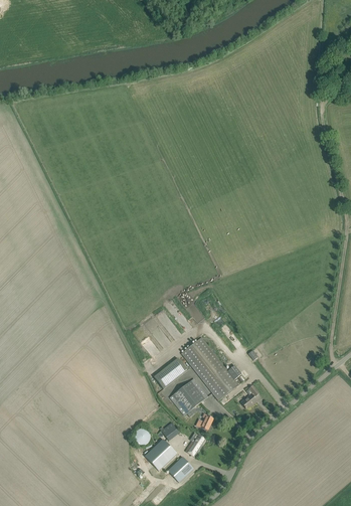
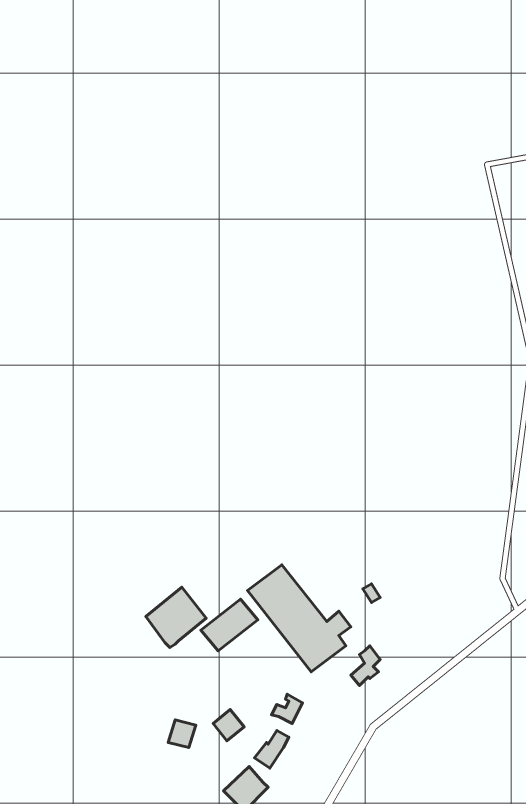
building: [170,379,205,414] -> [146,587,206,648]
building: [145,438,177,470] -> none

